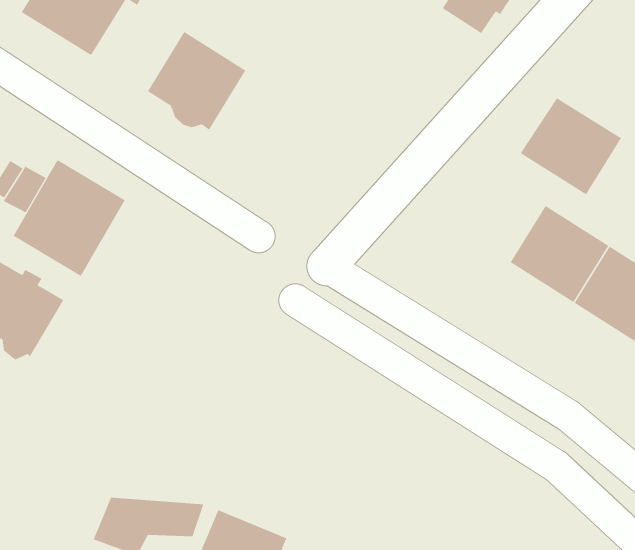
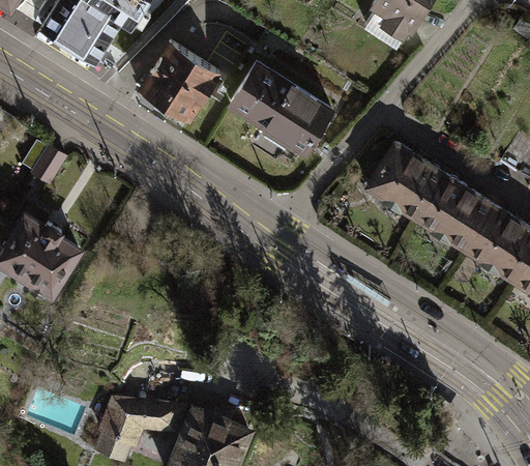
building: none -> [230,62,332,152]
building: [520,97,622,195] -> [366,144,444,219]
building: [13,159,125,277] -> none

